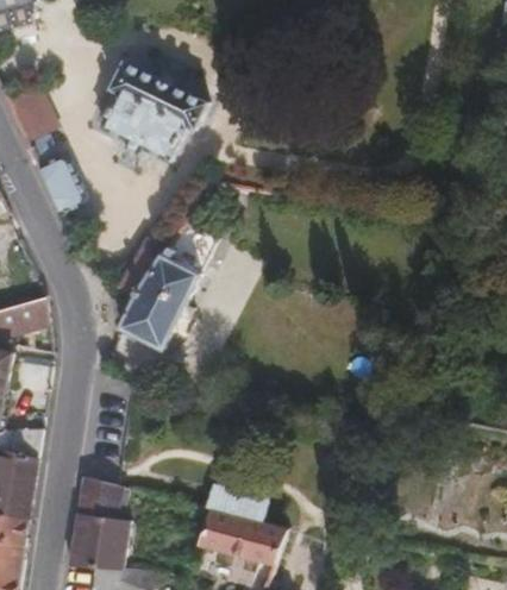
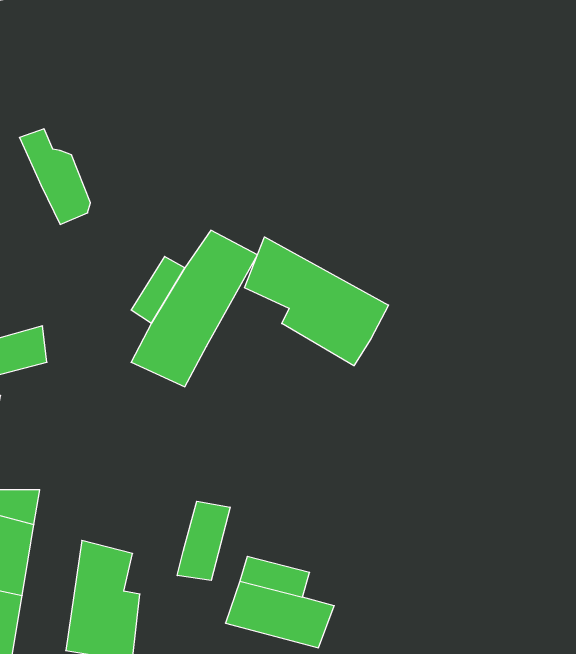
building: [102,61,209,161] -> none
building: none -> [245,237,389,366]
building: none -> [177,501,230,580]

